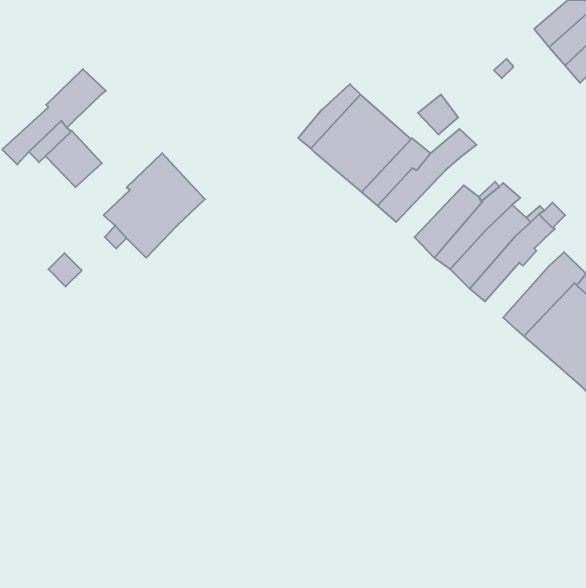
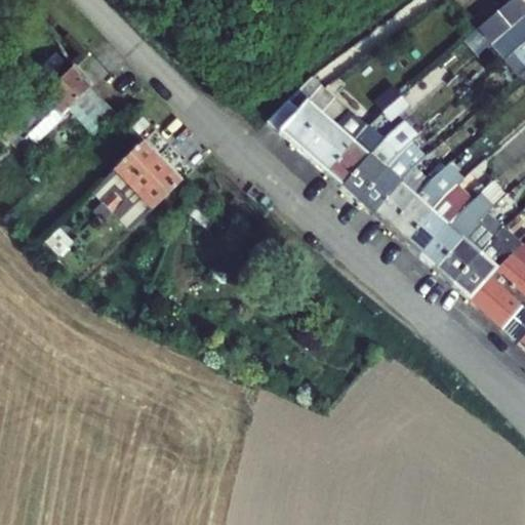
building: [45,131,102,187] -> [69,84,119,134]
building: none -> [355,139,428,211]
building: none -> [434,211,504,283]

